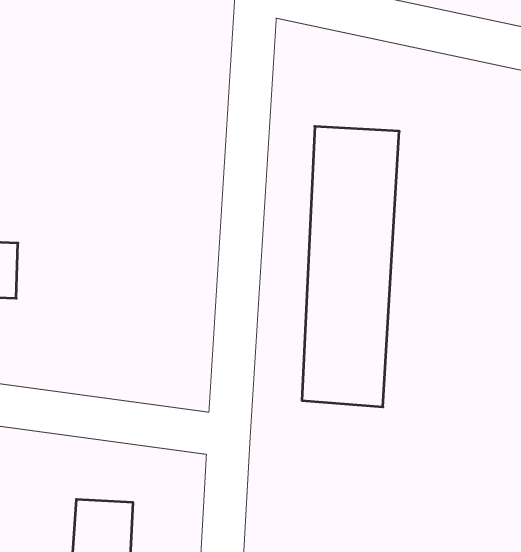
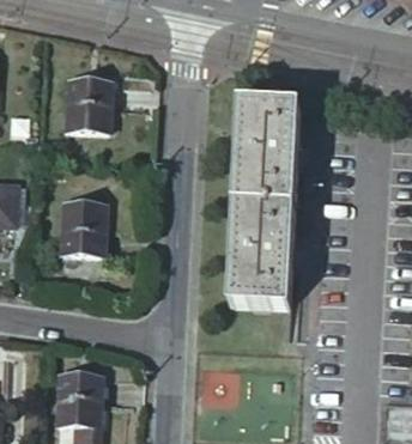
building: none -> [67,78,110,134]
building: none -> [62,187,105,245]

